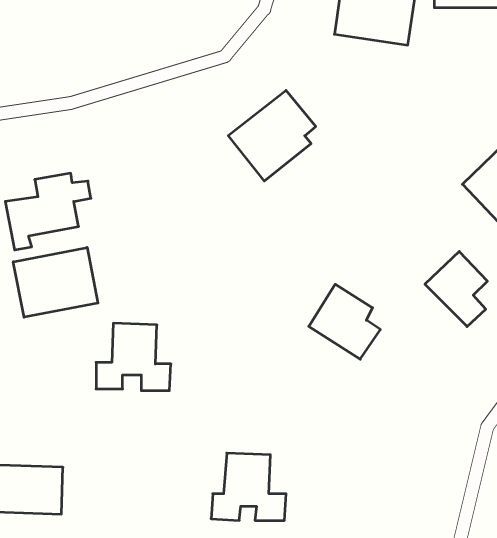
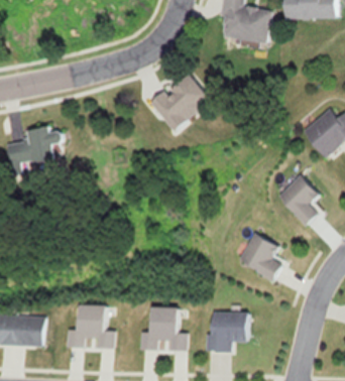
building: [13,247,98,317] -> none
building: [309,284,380,359] -> [237,232,283,280]
building: [96,323,171,391] -> [66,304,114,348]
building: none -> [208,311,247,351]

